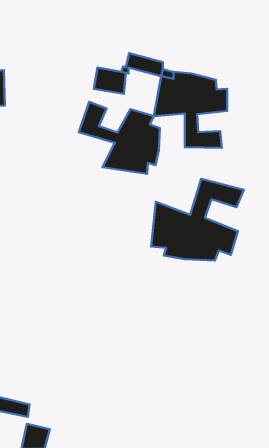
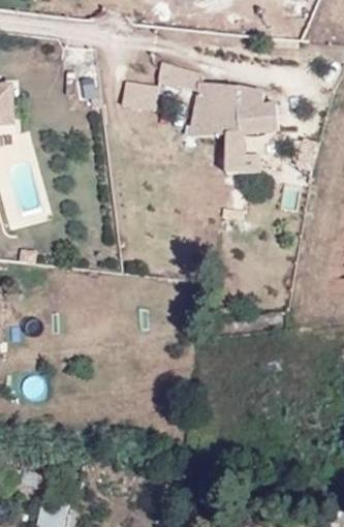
building: [79,102,160,174] -> none
building: [151,179,244,261] -> none

